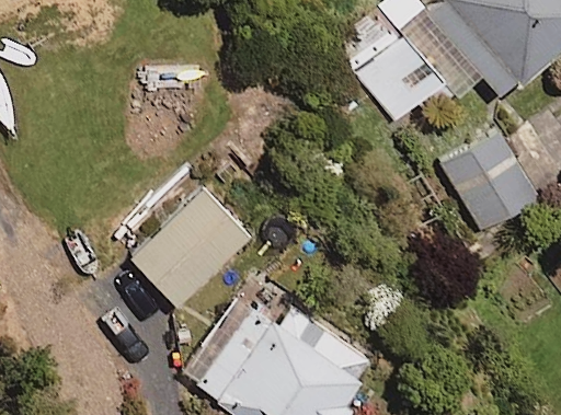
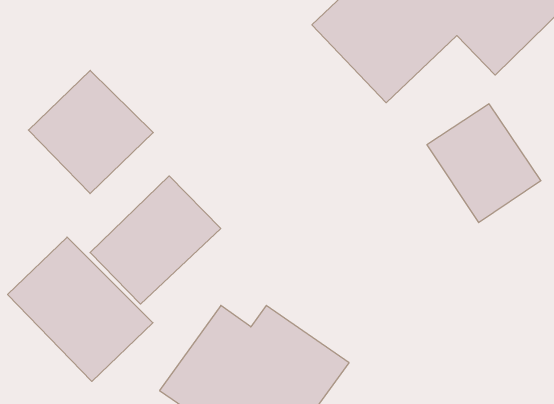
building: none -> [28,70,153,194]
building: none -> [8,237,153,381]

